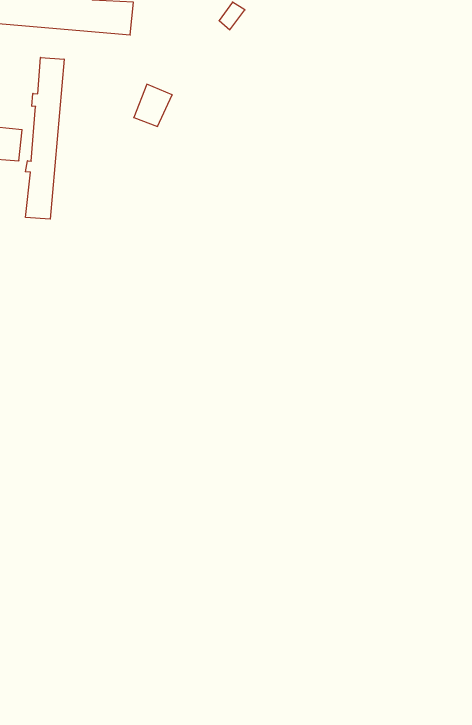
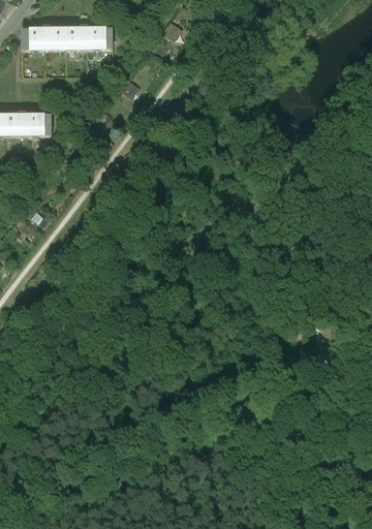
building: [25,57,64,219] -> none

